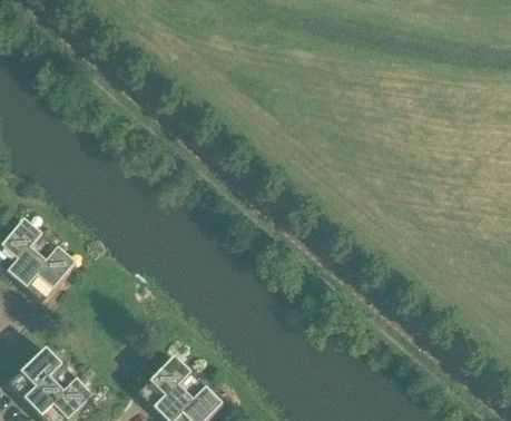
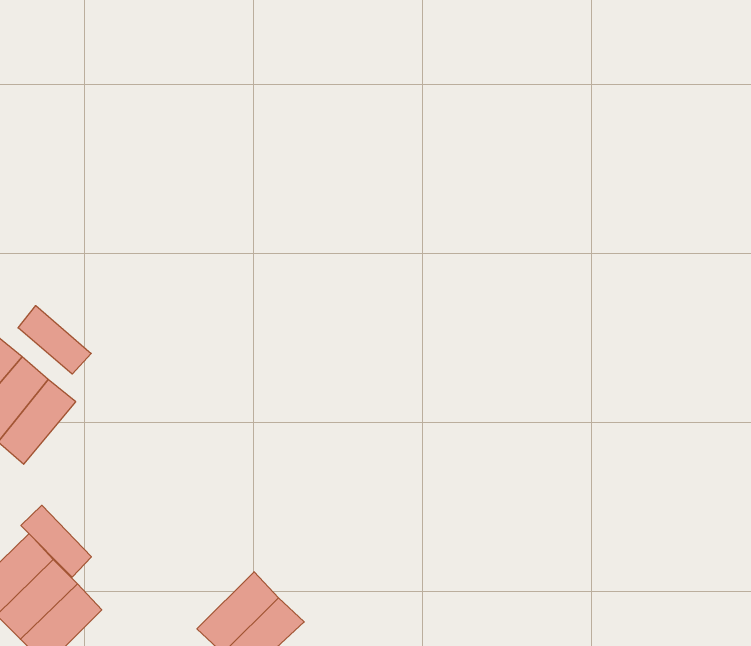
building: none -> [18,306,91,374]
building: none -> [21,505,91,577]
building: [138,355,190,408] -> none

